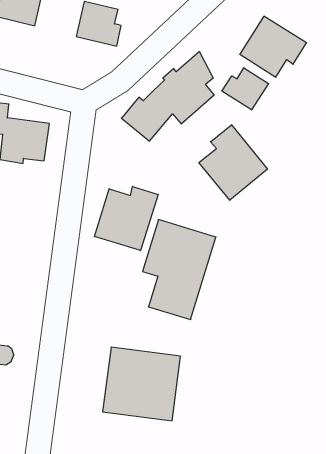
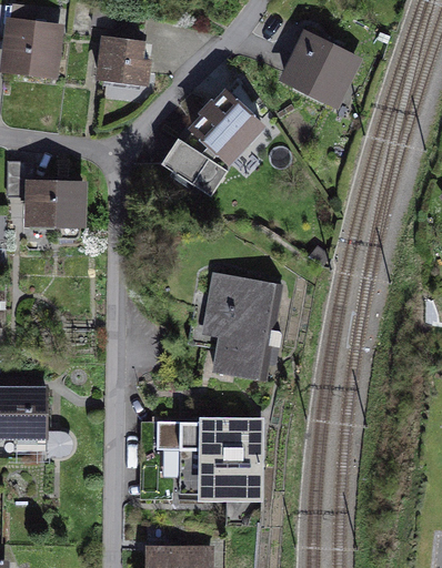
building: [222,68,269,110] -> none
building: [199,125,267,200] -> none
building: [95,186,158,251] -> none

